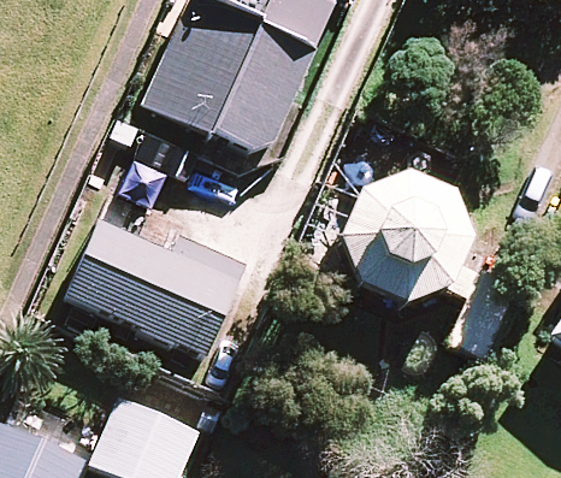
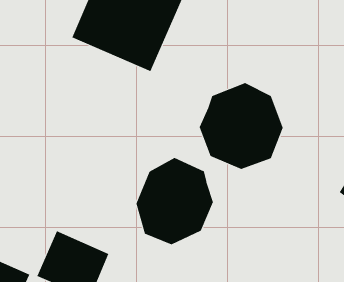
building: [69,222,244,354] -> none
building: none -> [136,157,214,245]

